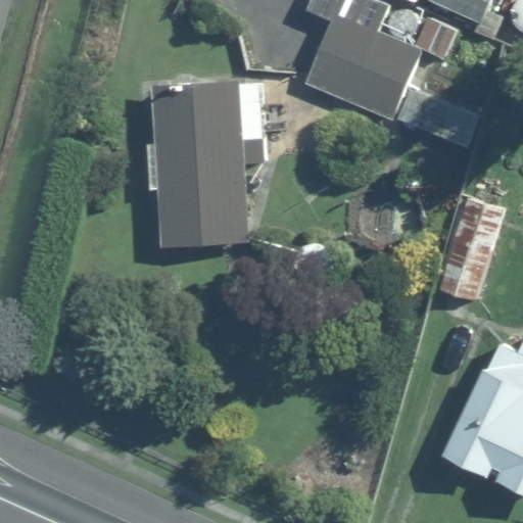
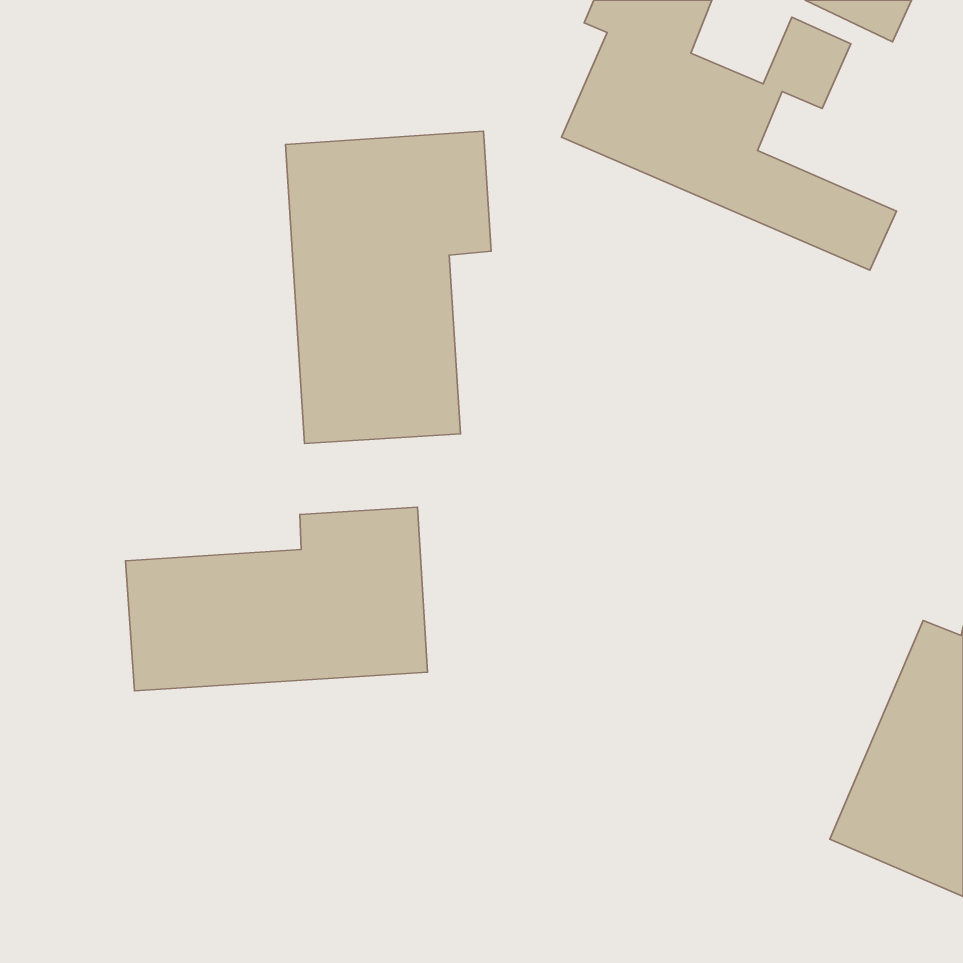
building: [432,198,508,306] -> none
building: none -> [126,507,427,691]

